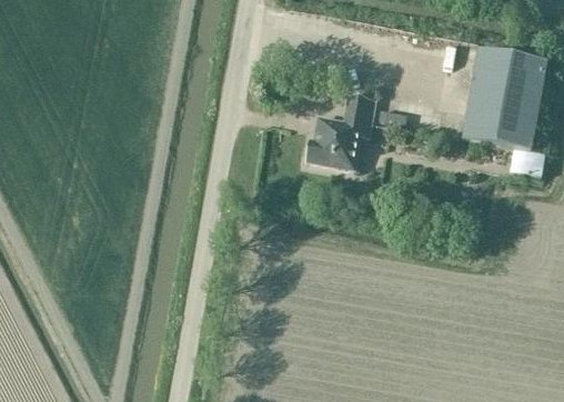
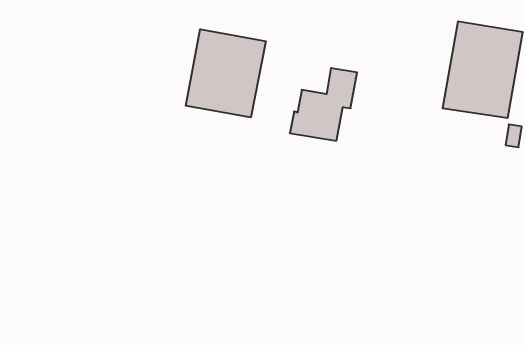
building: none -> [186,29,266,117]

